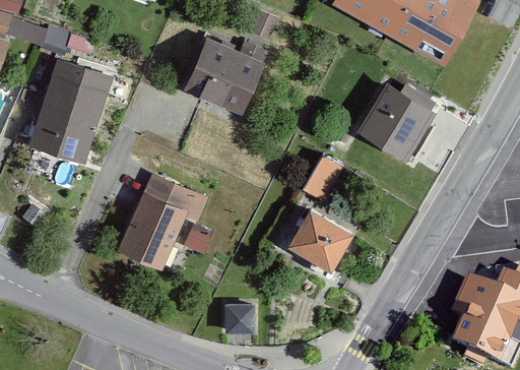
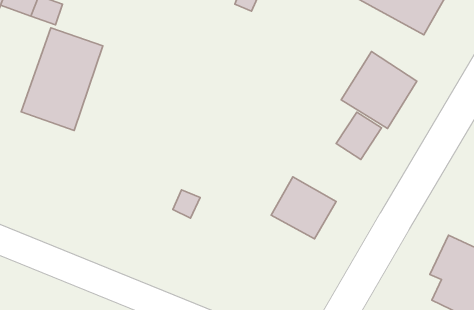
building: [184,41,263,115] -> none
building: [300,150,346,199] -> [336,112,382,159]
building: [116,171,209,271] -> none
building: [225,305,253,333] -> none

